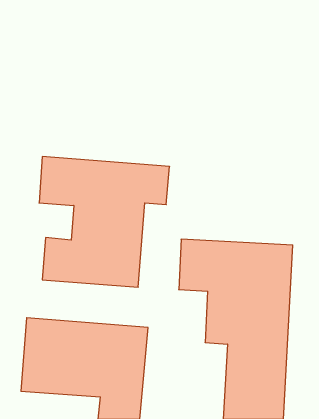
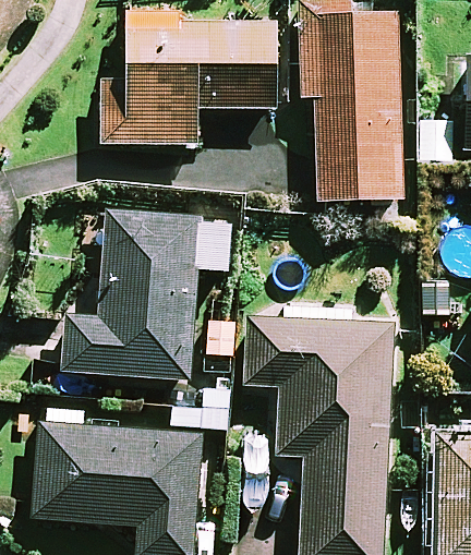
building: none -> [302,14,400,201]
building: none -> [100,17,277,144]

